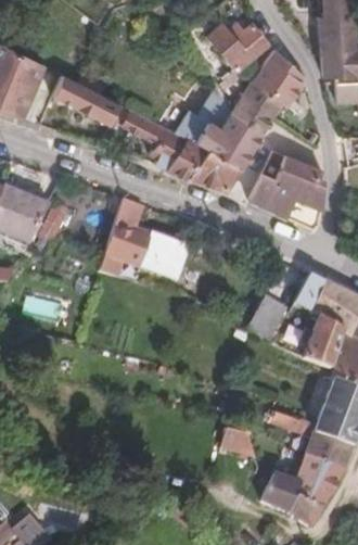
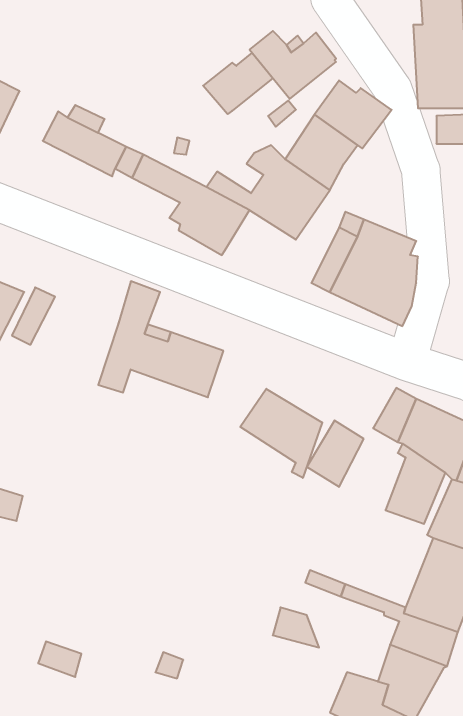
building: none -> [203,53,273,114]
building: [189,149,239,190] -> none
building: none -> [240,389,322,478]

